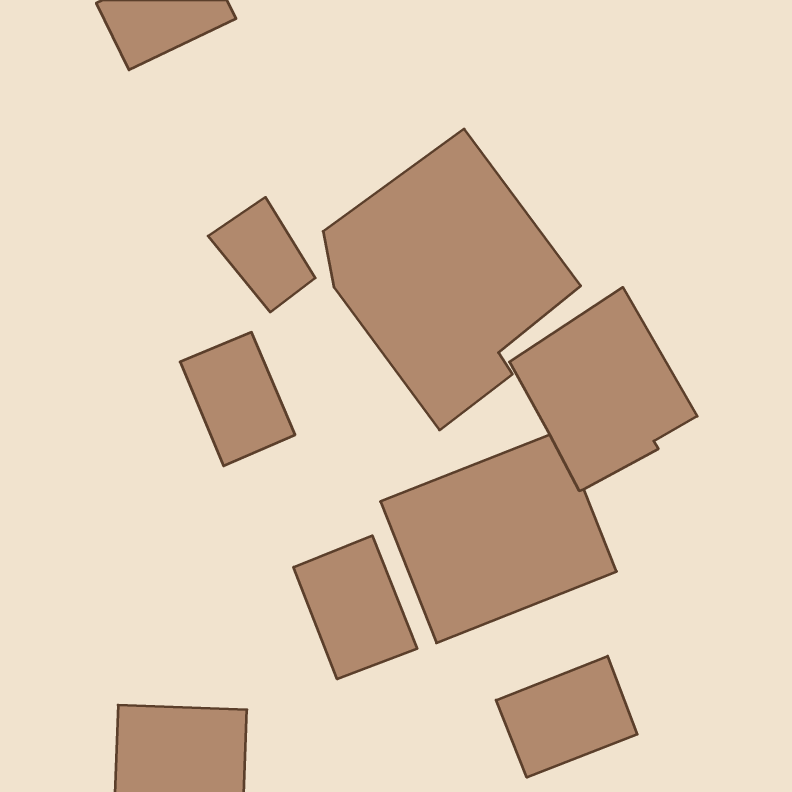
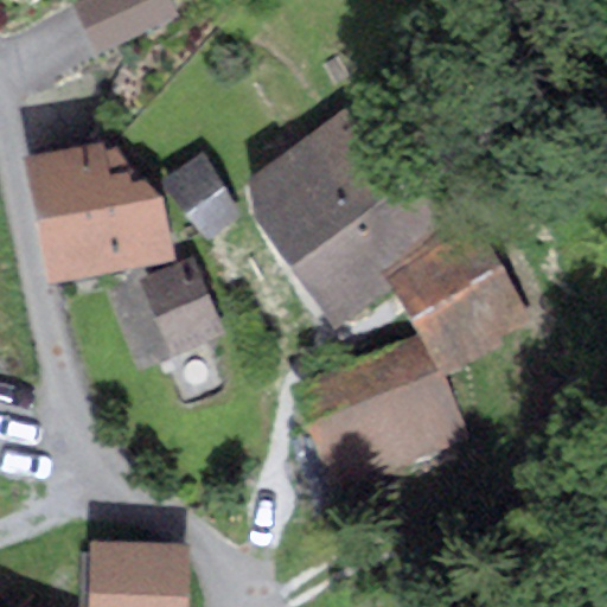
building: none -> [24,141,174,285]
building: [294,536,417,679] -> none
building: [496,656,637,777] -> none

